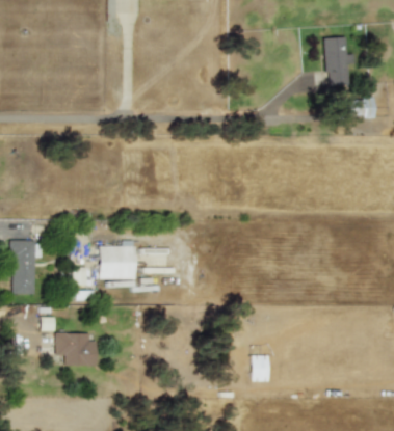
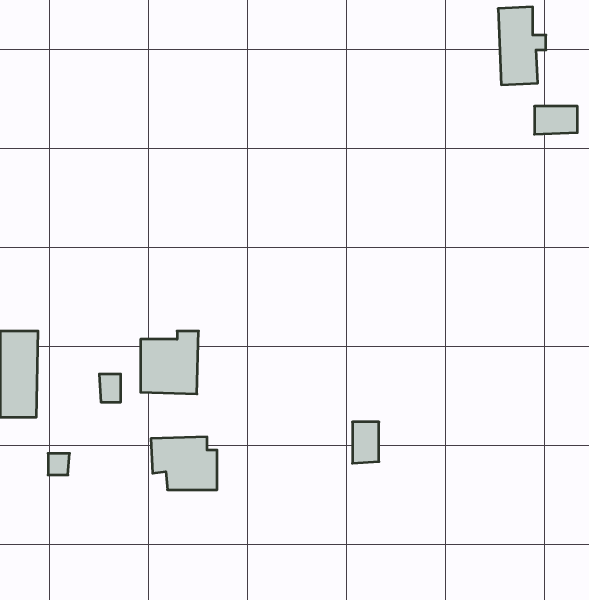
building: [55,333,97,367] -> [151,437,217,490]
building: [252,356,268,382] -> [352,422,379,463]

